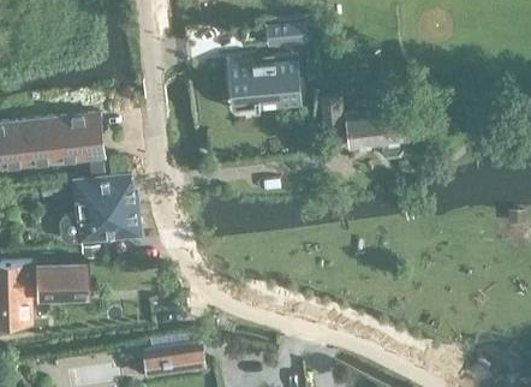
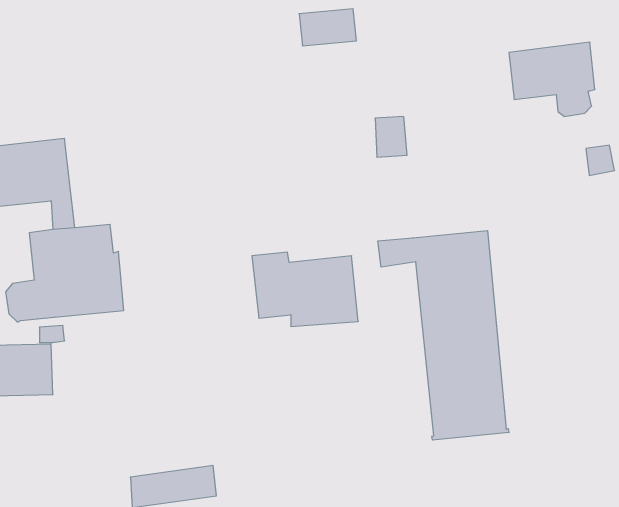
building: [225,56,300,109] -> [252,252,358,326]
building: [345,107,406,160] -> [509,42,595,116]
building: none -> [378,231,509,440]

